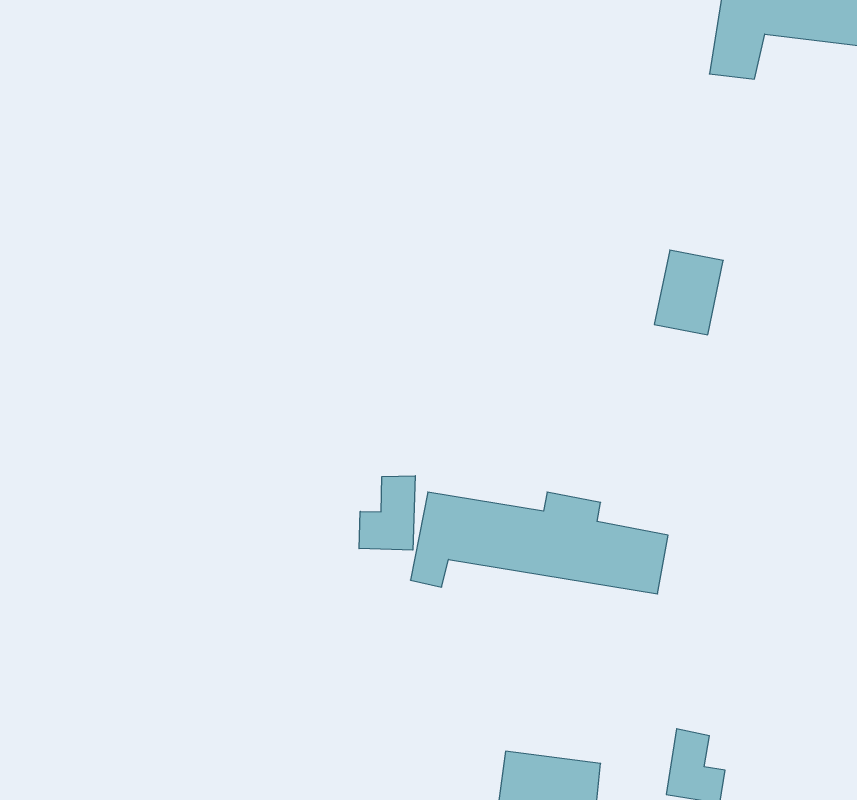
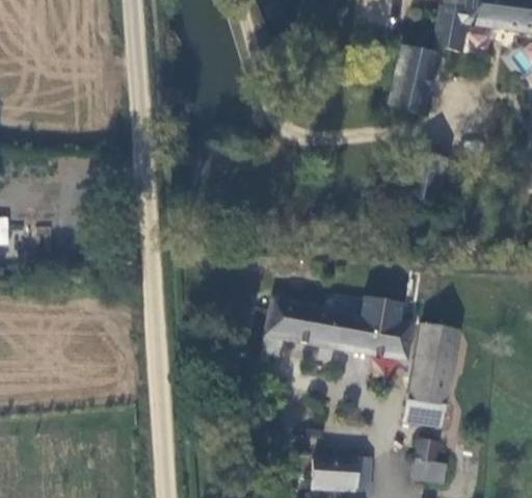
building: none -> [401,48,443,107]
building: [359,476,415,550] -> none
building: none -> [403,324,457,427]

